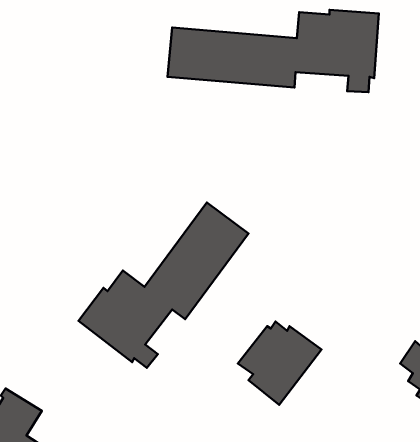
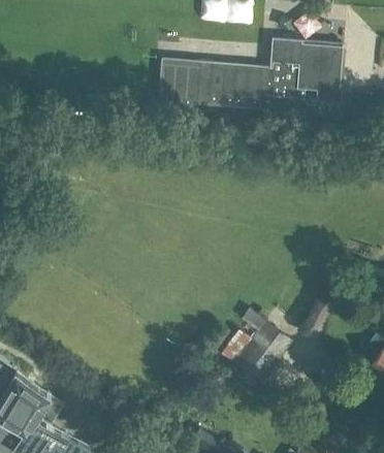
building: [78,203,249,368] -> none

